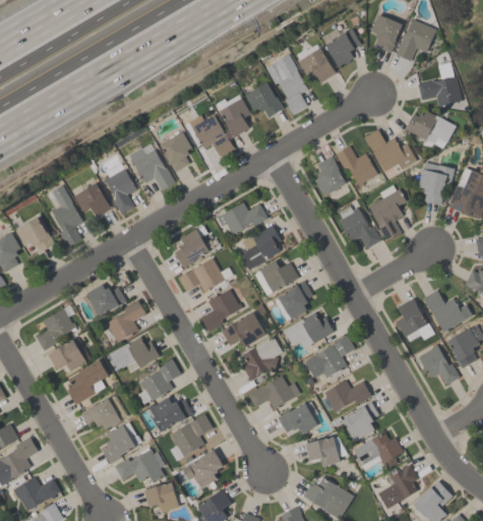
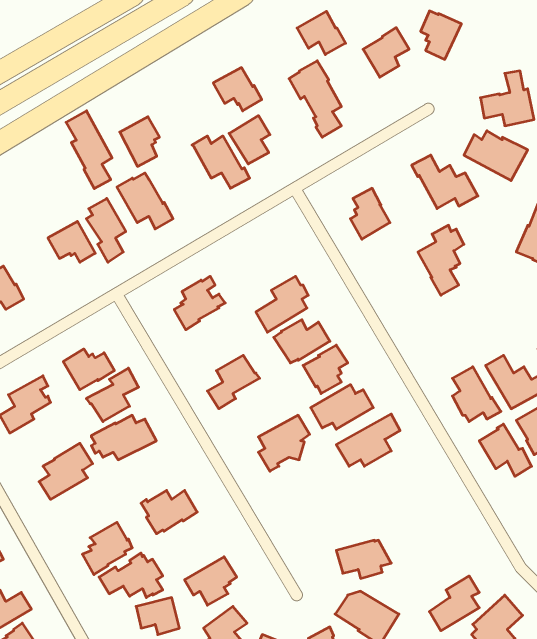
building: [397,19,436,61] -> none
building: [298,48,337,82] -> [297,11,346,55]
building: [245,82,284,117] -> [213,68,262,111]
building: [161,132,192,172] -> [120,117,159,166]
building: [337,147,378,185] -> none
building: [418,161,455,206] -> none
building: [47,184,83,246] -> [66,111,112,189]
building: [216,201,268,234] -> none
building: [339,206,380,248] -> none
building: [178,257,225,292] -> none
building: [222,312,266,347] -> none
building: [48,339,87,371] -> none
building: [137,358,181,404] -> none
building: [247,375,301,409] -> none
building: [324,380,371,413] -> none
building: [81,396,126,429] -> none
building: [278,401,318,435] -> none
building: [342,402,379,442] -> none
building: [170,413,214,461] -> none
building: [353,431,404,470] -> none

